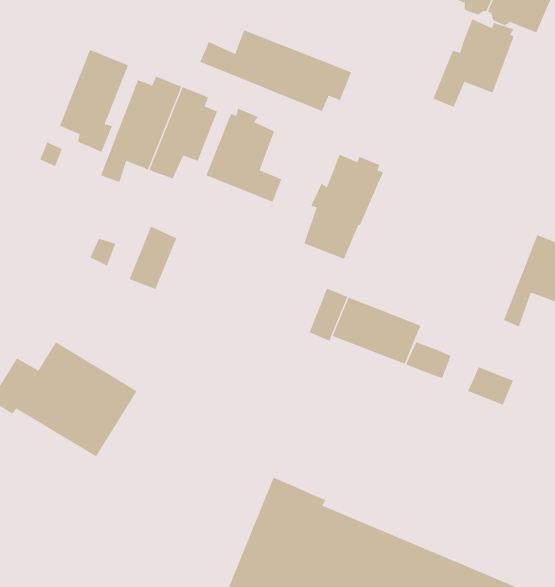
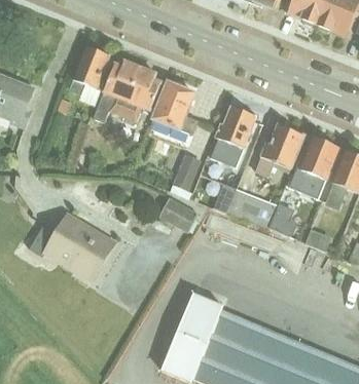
building: [433,18,515,108] -> [255,124,302,176]
building: [199,30,352,112] -> none
building: none -> [288,138,337,198]
building: [129,226,177,290] -> [173,152,201,189]
building: none -> [158,197,198,231]

